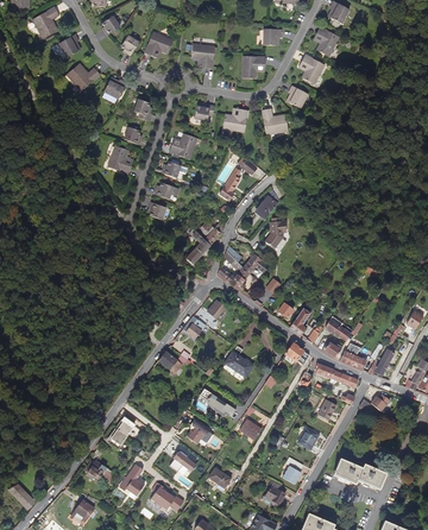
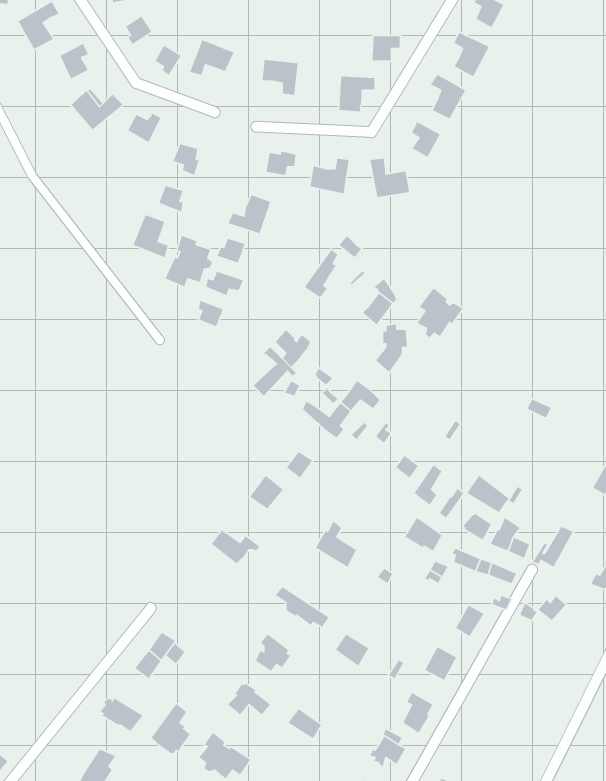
building: none -> [164,235,213,287]
building: none -> [417,287,464,338]
building: [333,458,386,488] -> none

